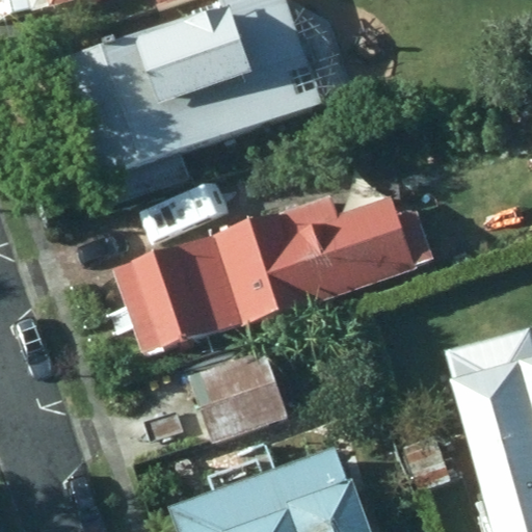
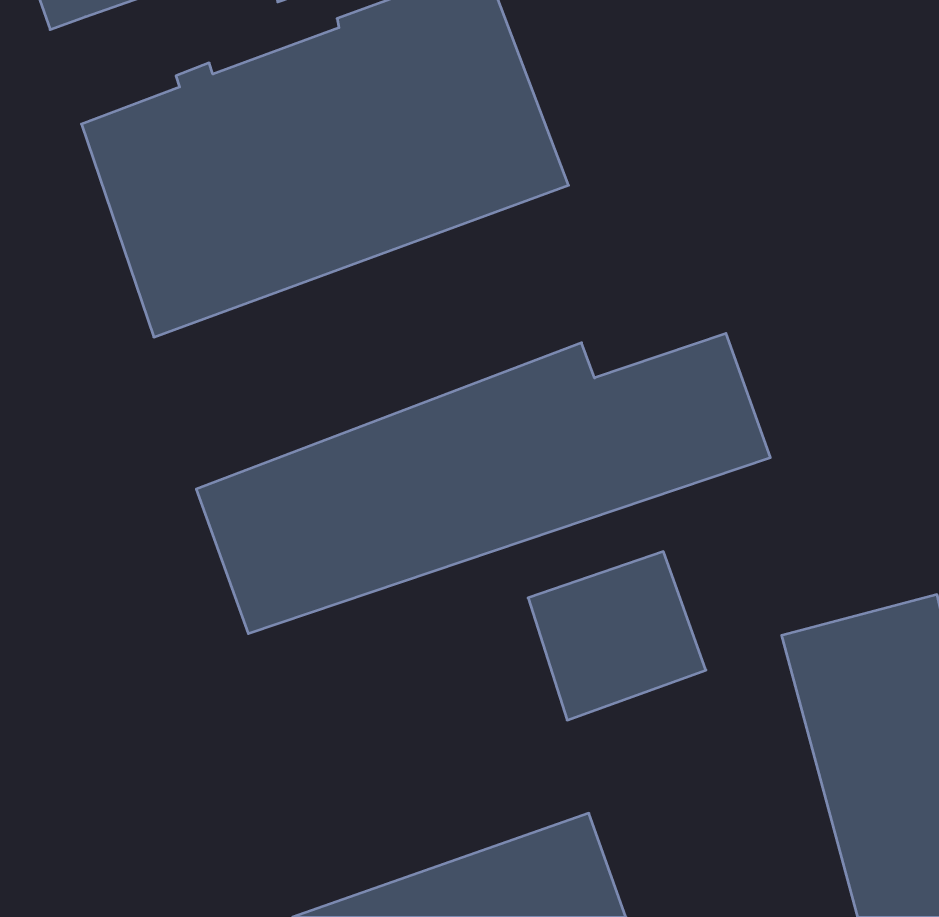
building: [189,346,289,441] -> [528,552,706,720]

